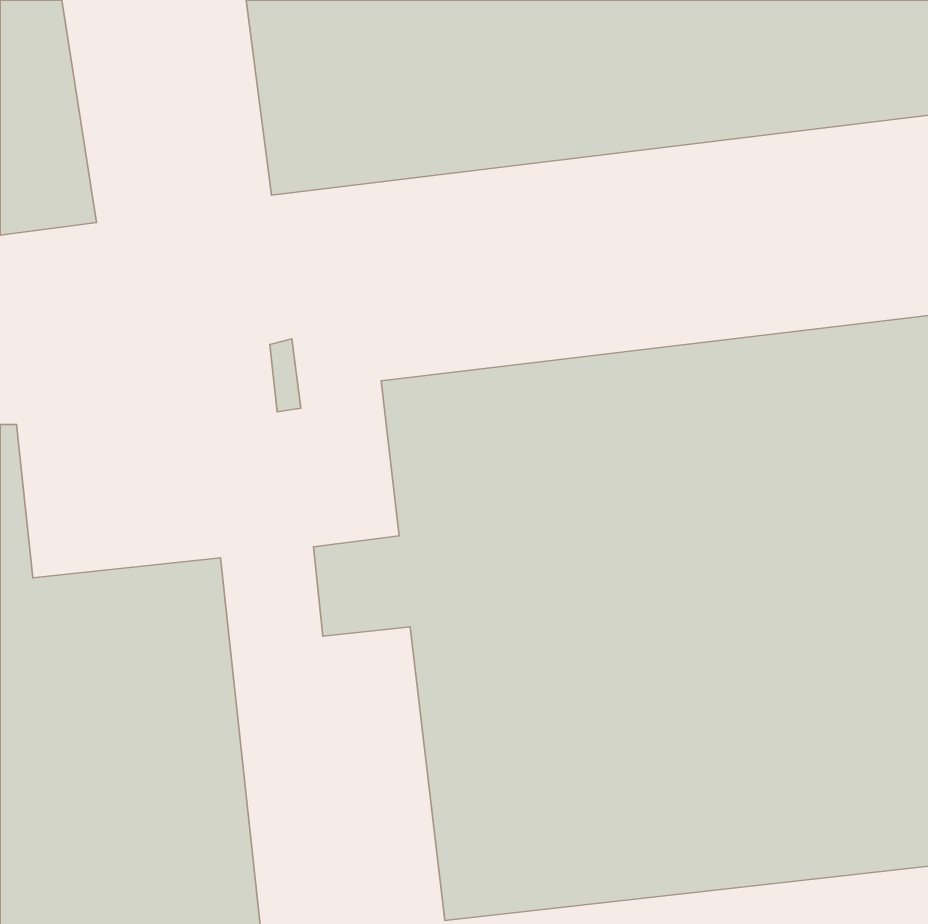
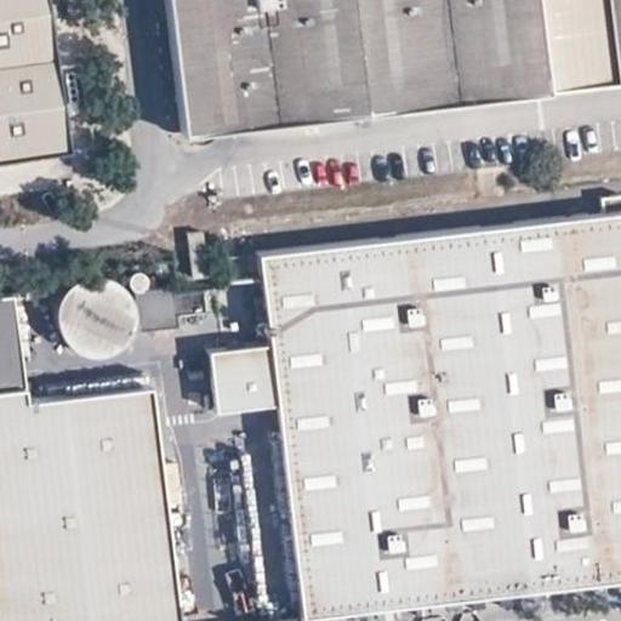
building: none -> [51,277,175,354]

